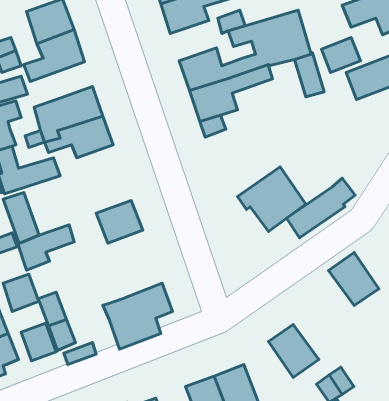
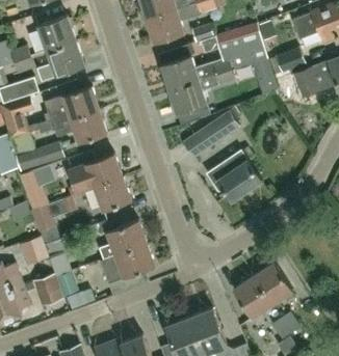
building: none -> [67,153,122,196]
building: [287,178,355,238] -> [182,111,237,159]
building: [328,252,379,306] -> [252,262,292,304]
building: none -> [98,220,147,259]

